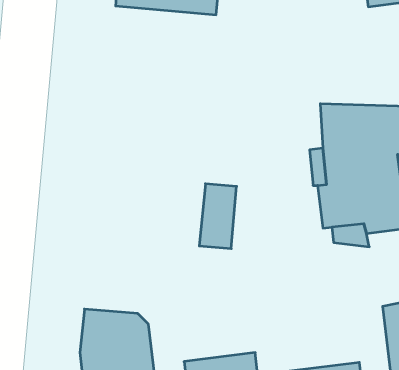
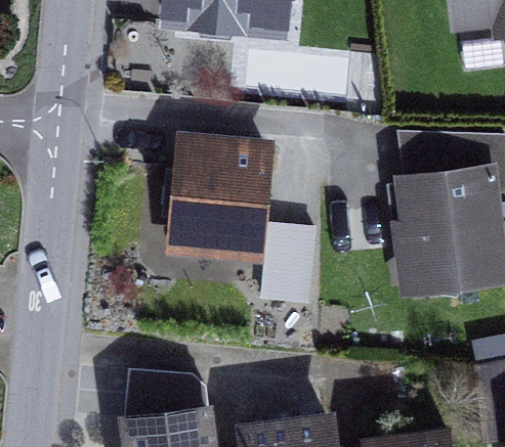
building: none -> [176,140,267,253]

